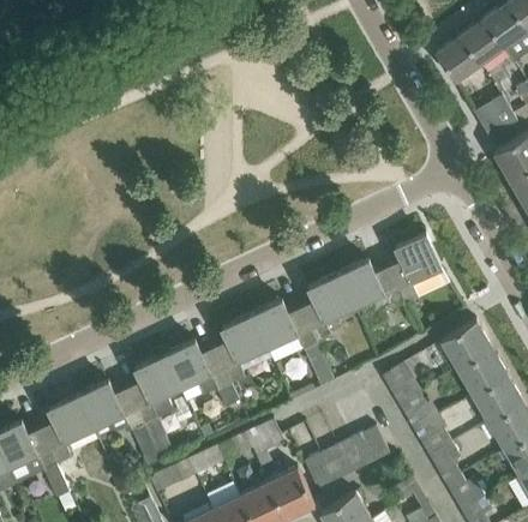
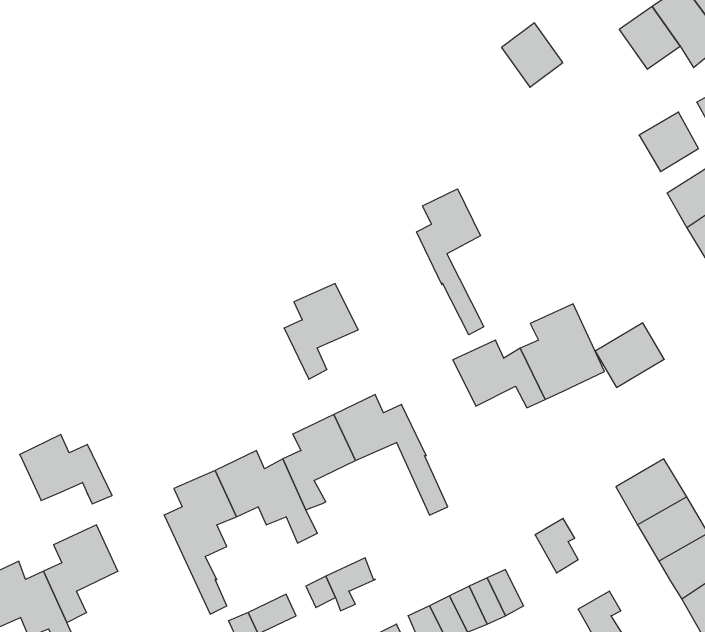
building: [434,35,479,82] -> [502,23,563,87]
building: none -> [417,189,484,335]
building: [300,275,354,344] -> [284,284,358,379]
building: [440,320,491,367] -> [595,323,664,387]
building: [382,364,420,402] -> none
building: [78,380,145,431] -> [20,435,112,504]
building: [413,420,451,456] -> none

